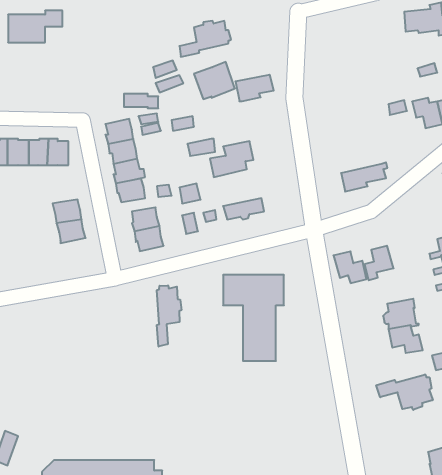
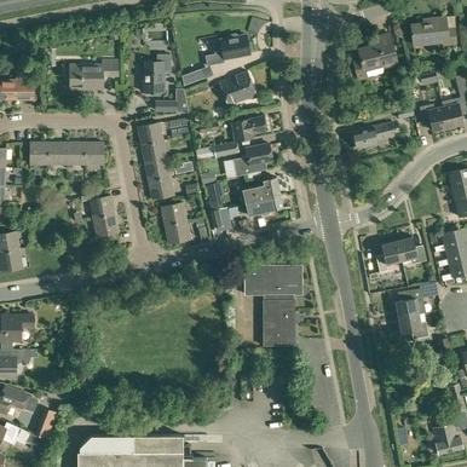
building: [8,11,62,42] -> [69,60,119,90]
building: none -> [352,33,397,80]
building: none -> [143,53,171,92]
building: [235,75,274,101] -> [231,116,266,140]
building: [341,162,387,192] -> [352,121,394,148]
building: none -> [243,178,281,202]
building: [333,251,366,283] -> [396,235,426,264]
building: [157,285,181,347] -> none
building: [376,374,433,410] -> none

